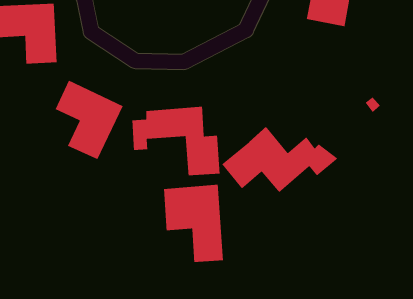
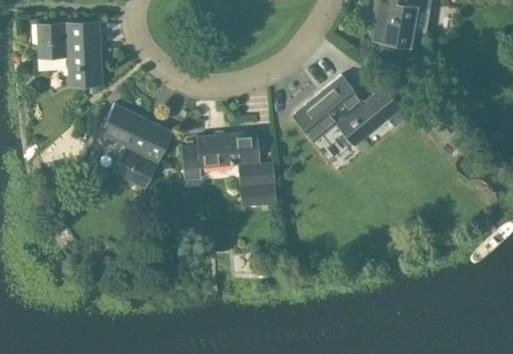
building: [221,126,338,193] -> [292,74,418,146]
building: [163,184,224,263] -> none

